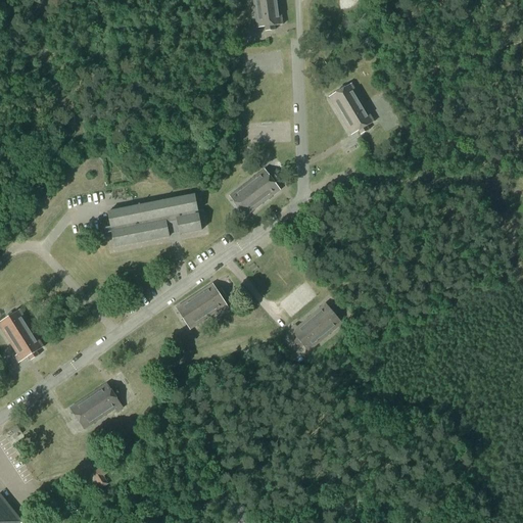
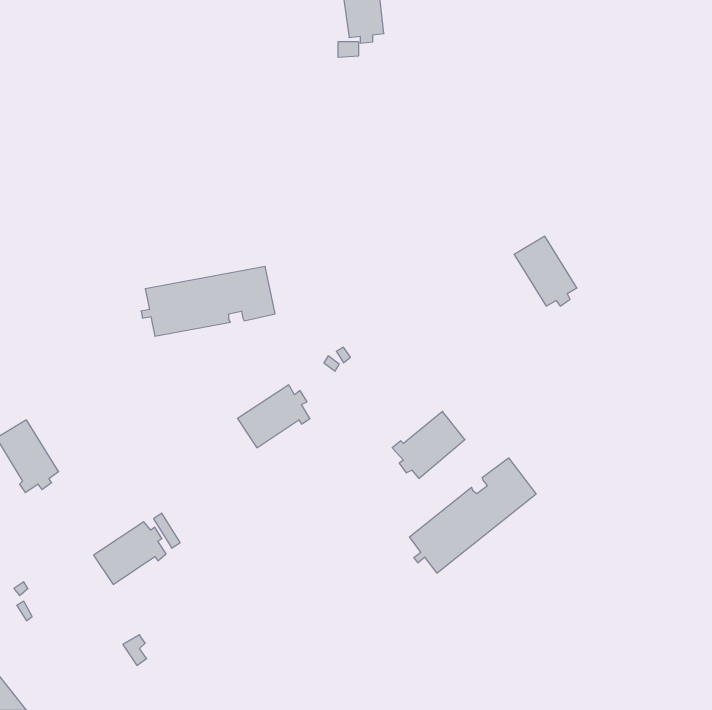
building: [329,87,375,138] -> [514,236,577,306]
building: [229,171,281,218] -> none
building: none -> [409,458,536,573]

